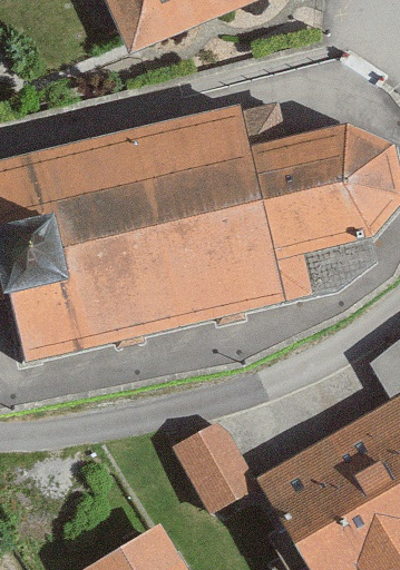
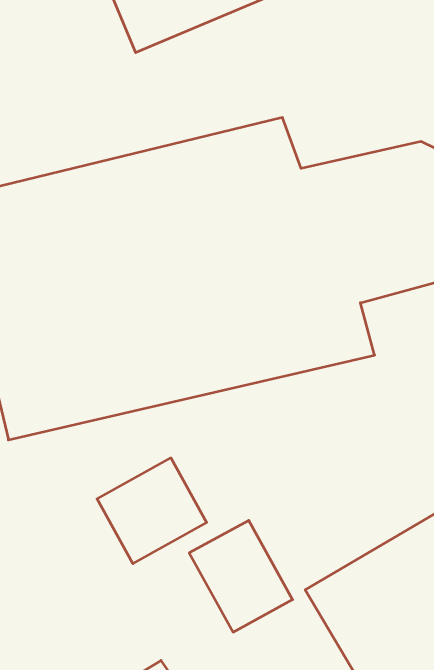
building: none -> [97,458,207,564]

